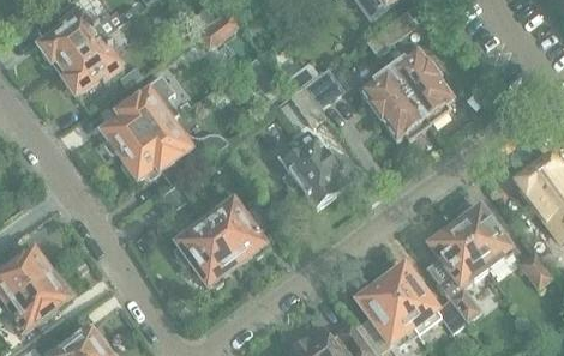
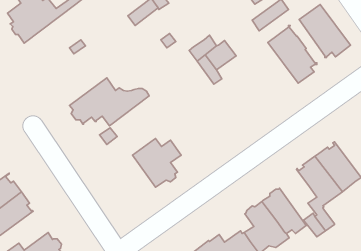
building: [58,17,131,93] -> none
building: [359,68,428,140] -> [299,4,350,58]
building: [101,73,179,153] -> none
building: [284,127,349,206] -> none
building: [174,221,235,285] -> none

